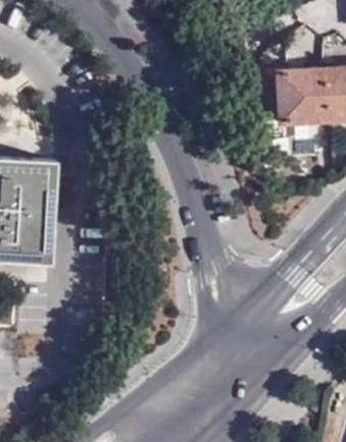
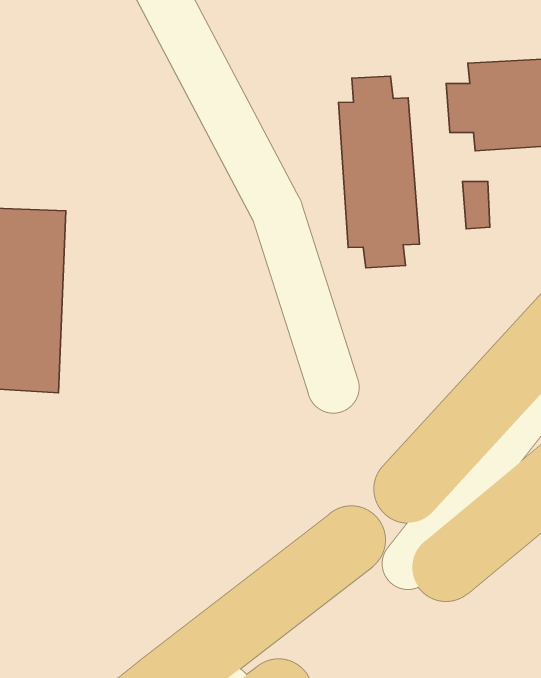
building: none -> [339,76,419,268]

